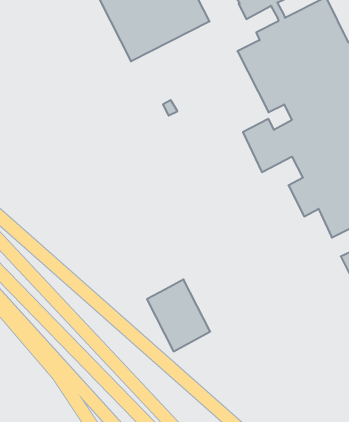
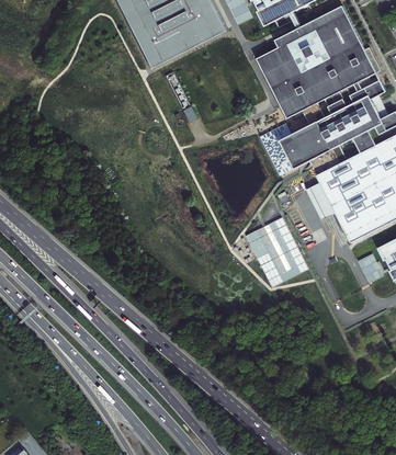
building: [147,279,210,351] -> [244,216,306,287]

